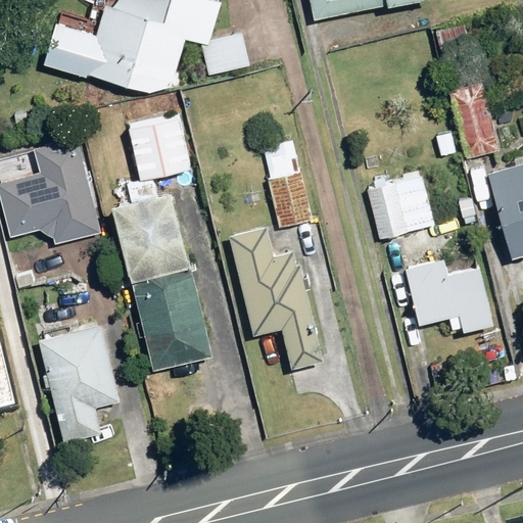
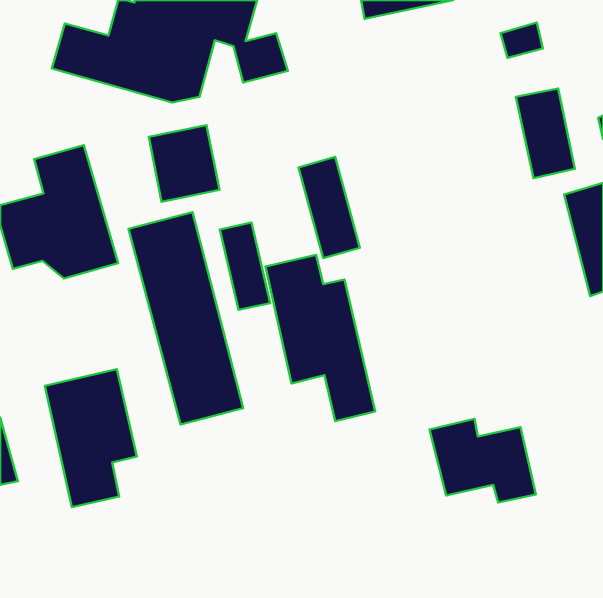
building: [364,169,437,240] -> none
building: none -> [220,223,270,310]
building: [403,257,495,330] -> [430,419,536,503]

